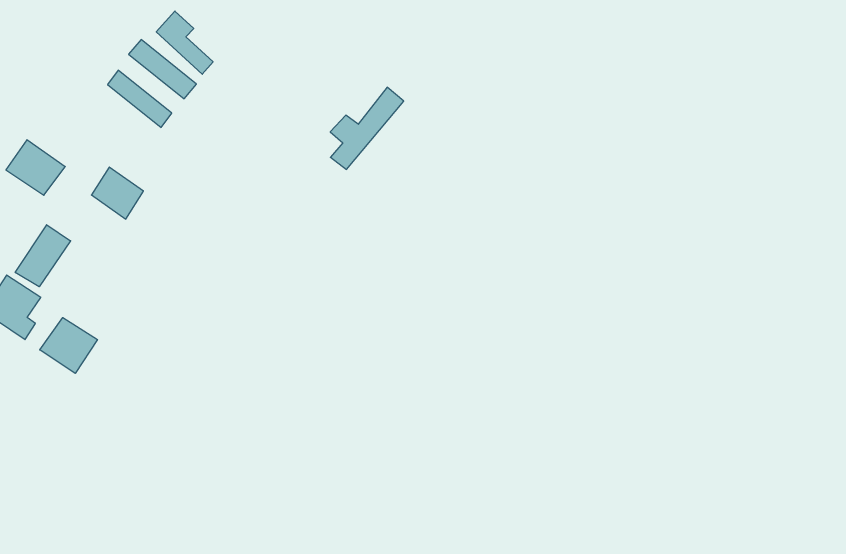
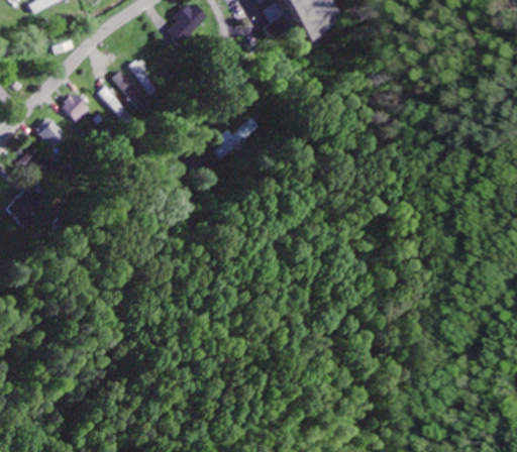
building: [91,167,143,219] -> [62,91,91,121]
building: [15,225,71,287] -> none
building: [40,318,97,373] -> none

